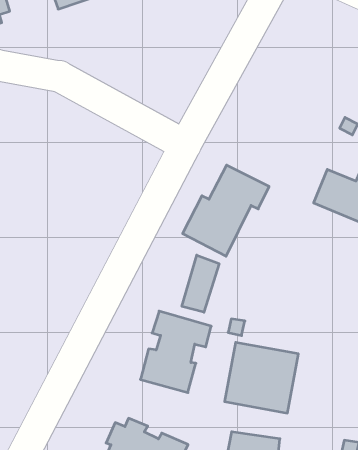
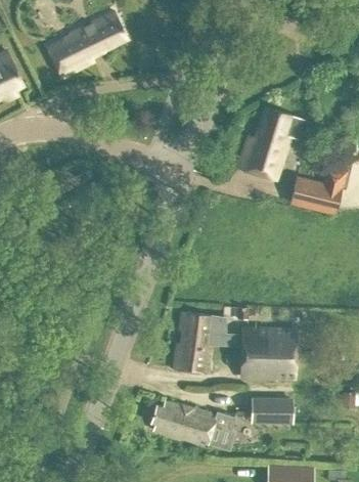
building: [183,165,269,256] -> [237,106,302,180]
building: [182,255,219,312] -> none

